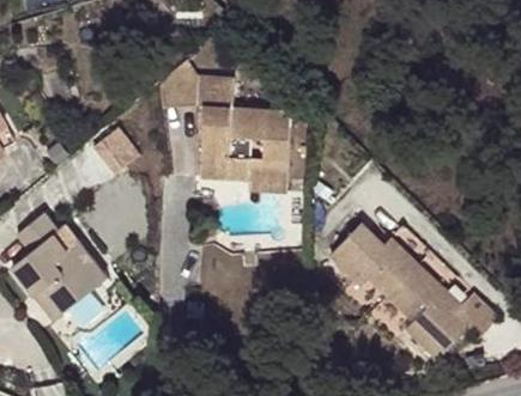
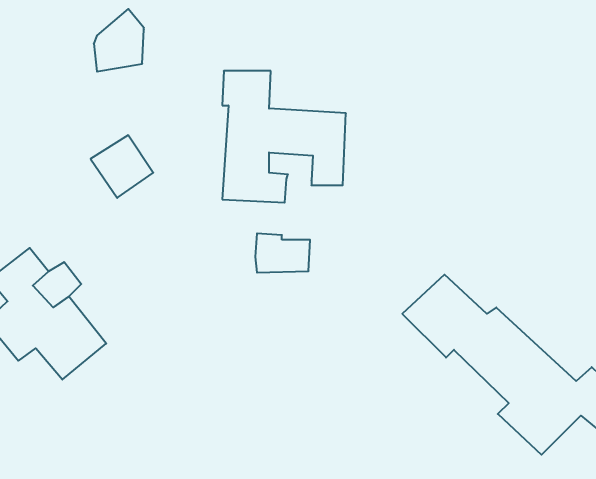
building: [157,61,195,109] -> [94,9,144,72]
building: [242,159,284,189] -> [255,233,310,273]

